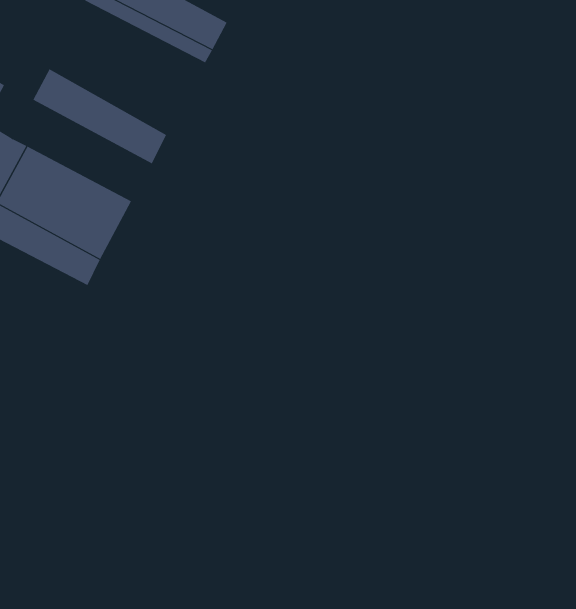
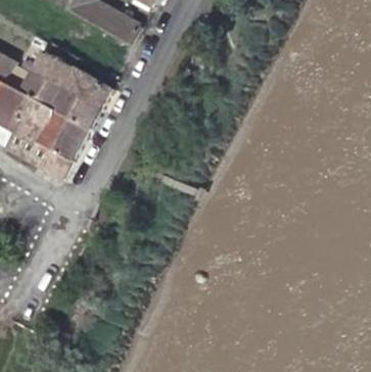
building: none -> [25,66,102,123]

